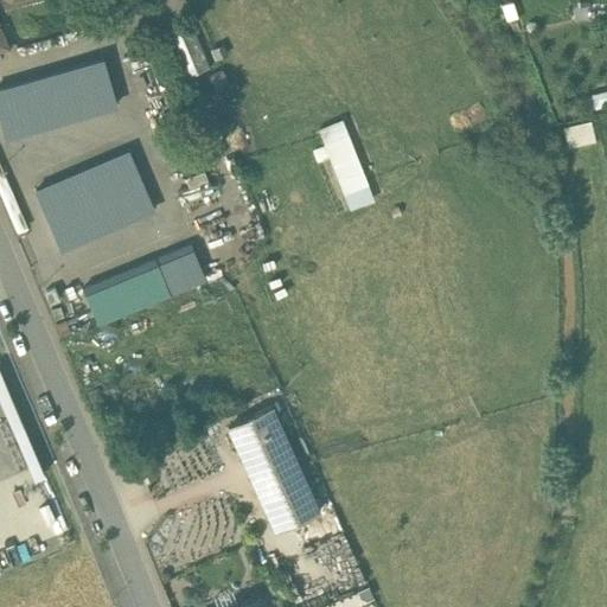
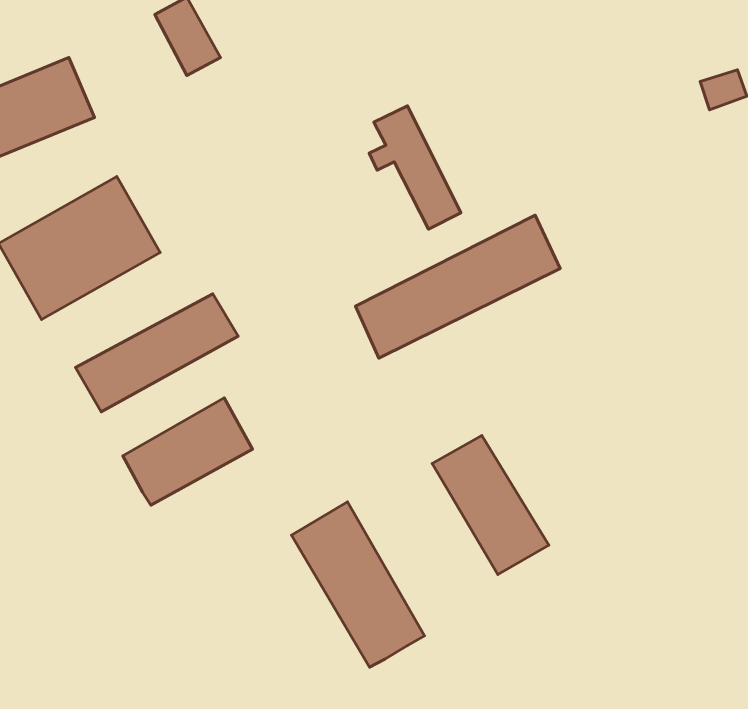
building: none -> [356,215,560,358]
building: none -> [123,398,253,505]
building: none -> [432,436,549,574]

